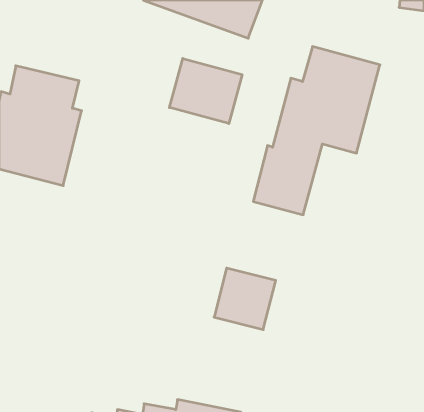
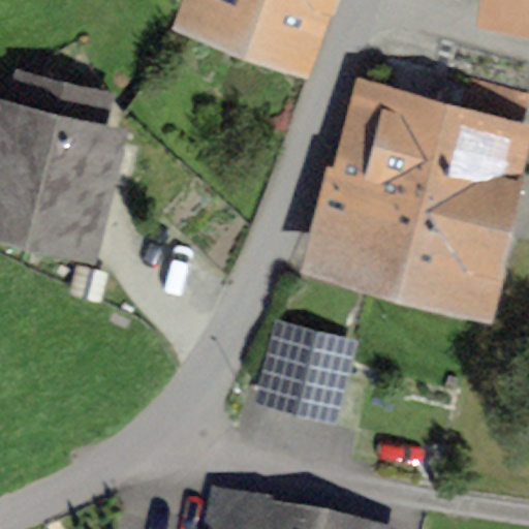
building: [169,58,242,124] -> none
building: none -> [376,97,520,312]

